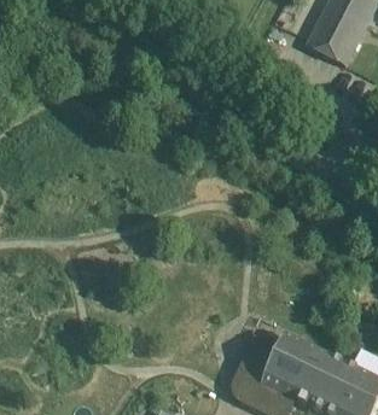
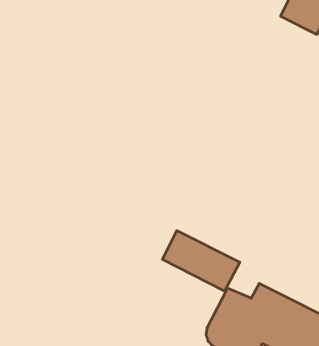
building: none -> [162,231,240,291]

